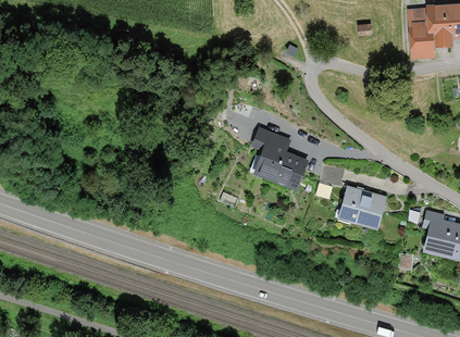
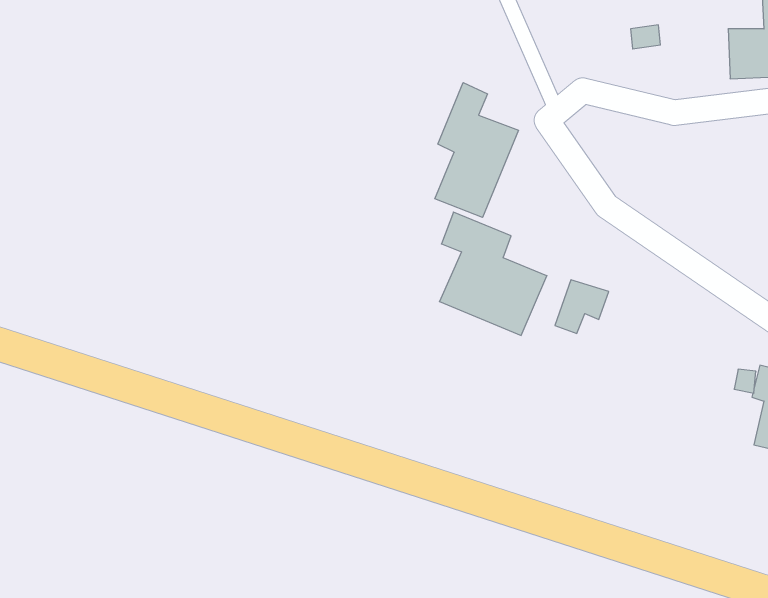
building: none -> [435,83,519,217]
building: [336,183,388,230] -> none

